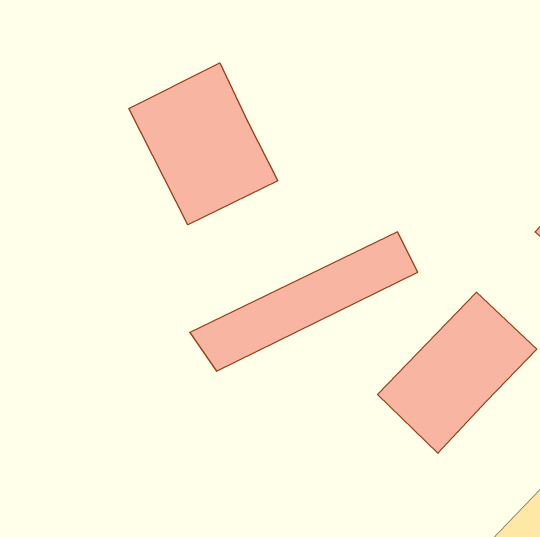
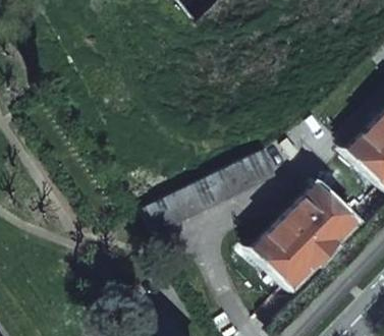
building: [129,63,278,225] -> none

